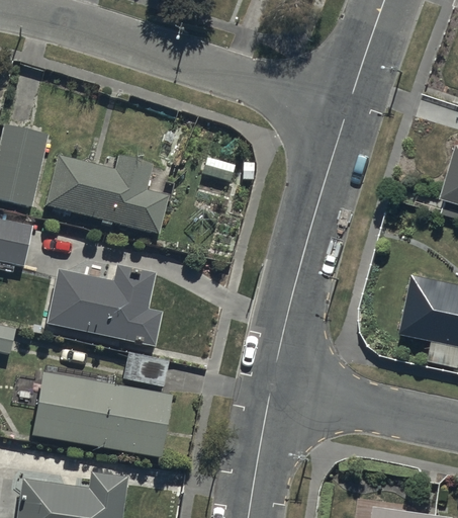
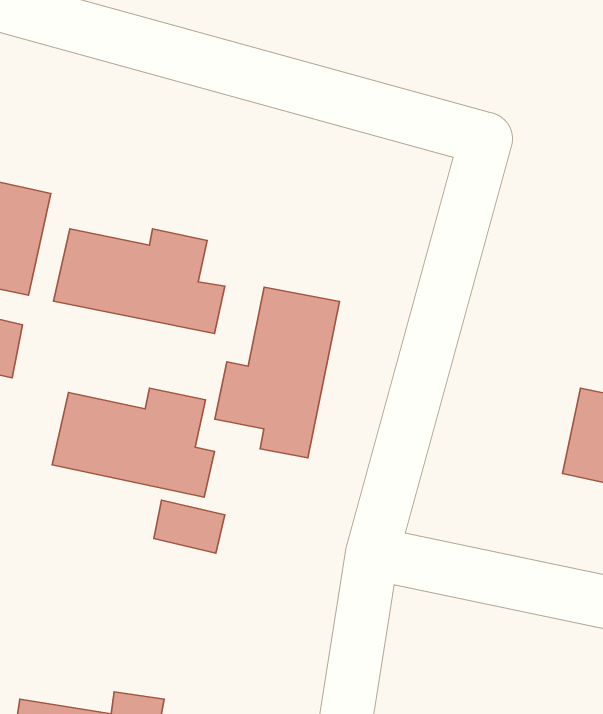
building: none -> [215,287,339,458]
building: [35,377,167,457] -> none

